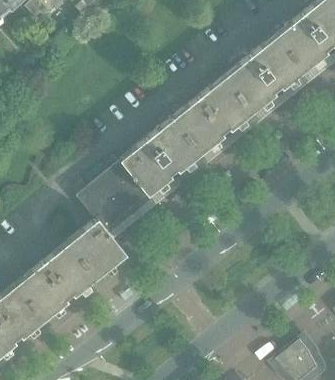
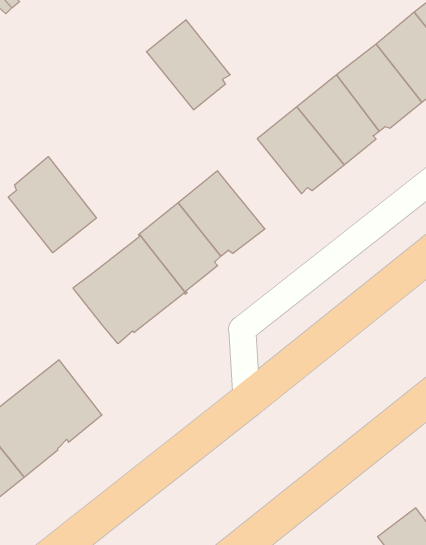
building: [173,99,228,158] -> [146,20,230,110]
building: none -> [8,157,96,253]
building: [69,221,118,280] -> none

